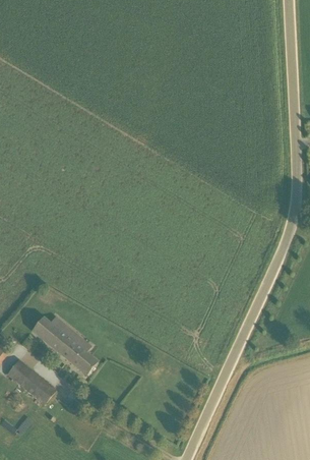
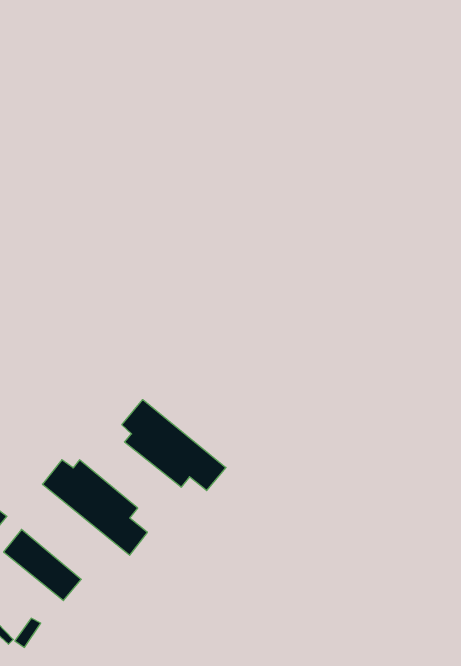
building: none -> [122,400,226,491]

